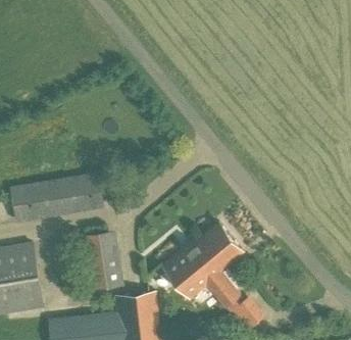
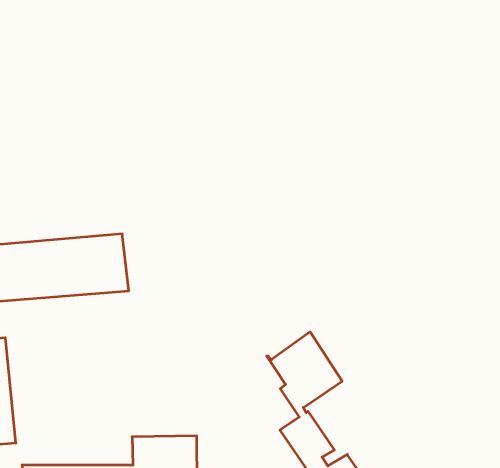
building: [89,230,120,287] -> none
building: [161,240,215,298] -> none

